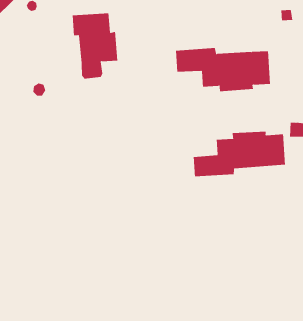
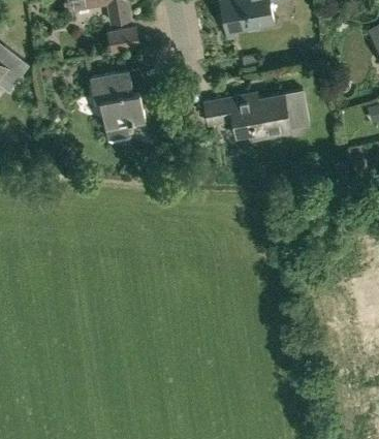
building: [193,131,286,177] -> none

